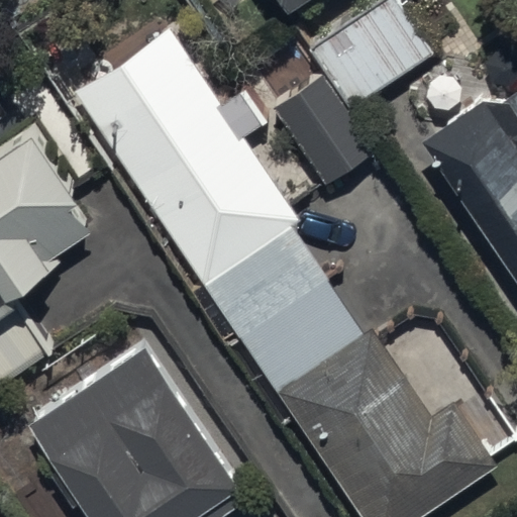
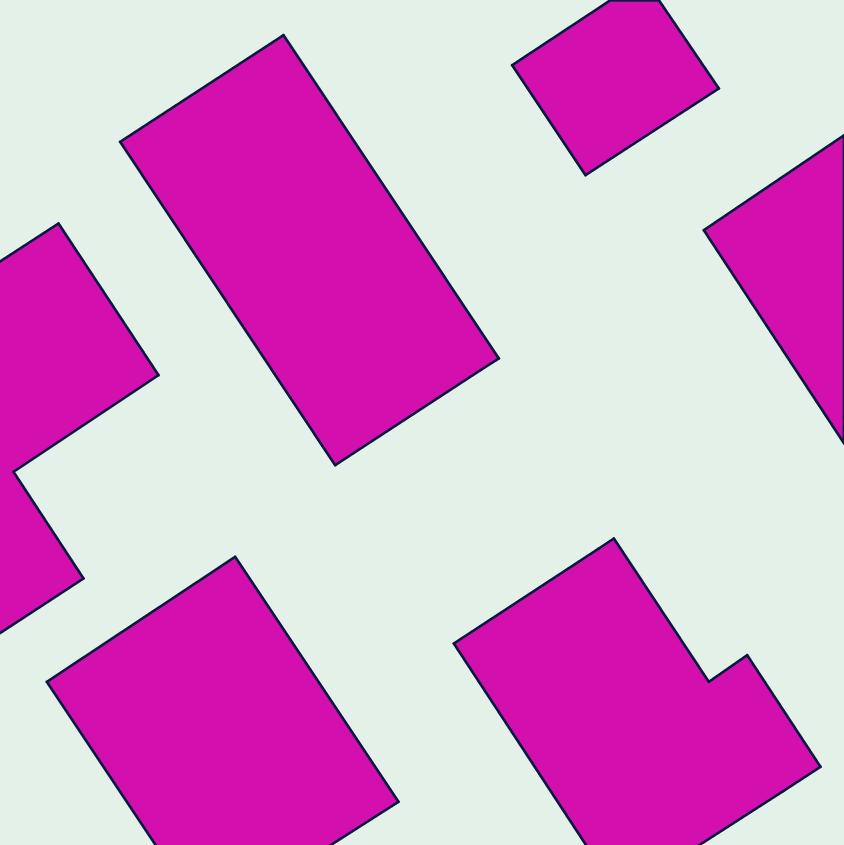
building: [272,71,374,187] -> none
building: [203,228,363,394] -> none

